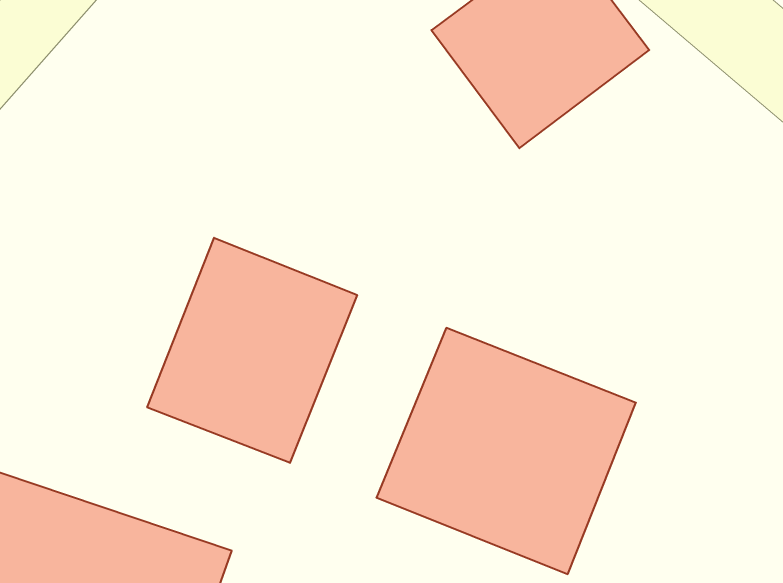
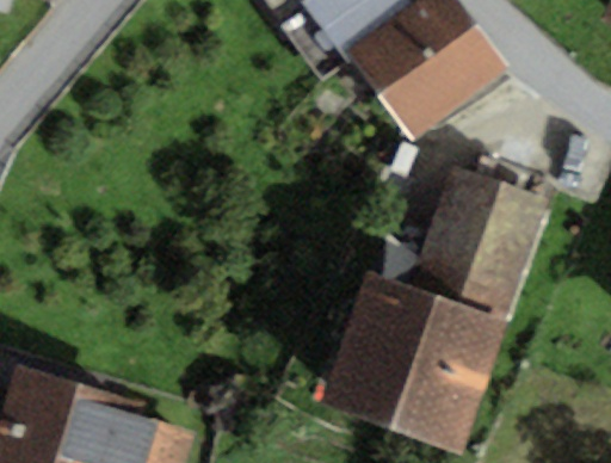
building: none -> [414,166,555,304]
building: [147,238,357,463] -> none

